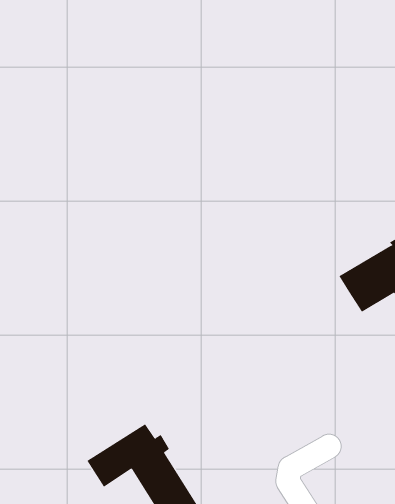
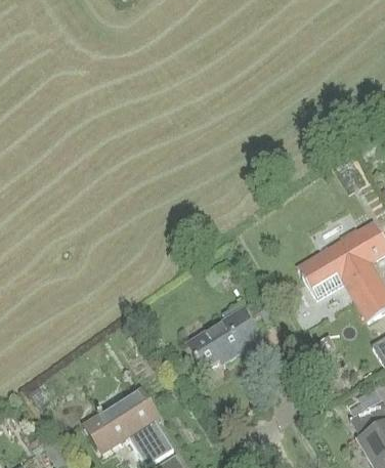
building: none -> [186,309,260,369]

